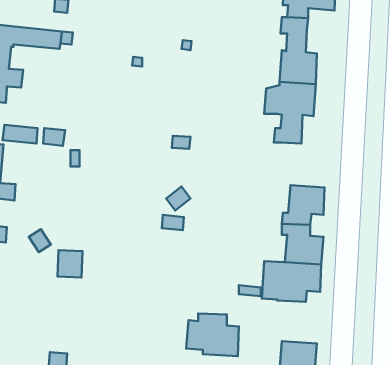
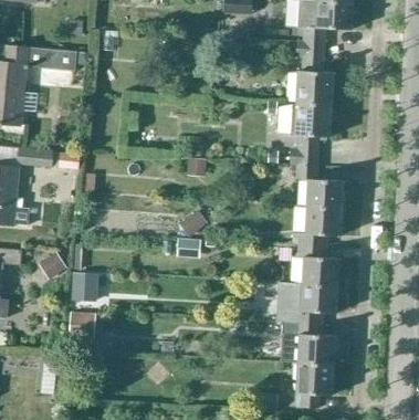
building: none -> [295,165,343,210]
building: none -> [69,311,95,337]
building: [186,313,239,356] -> [281,324,334,367]

